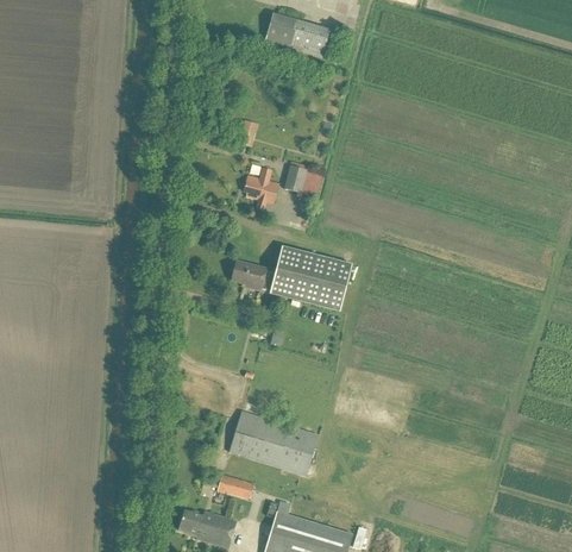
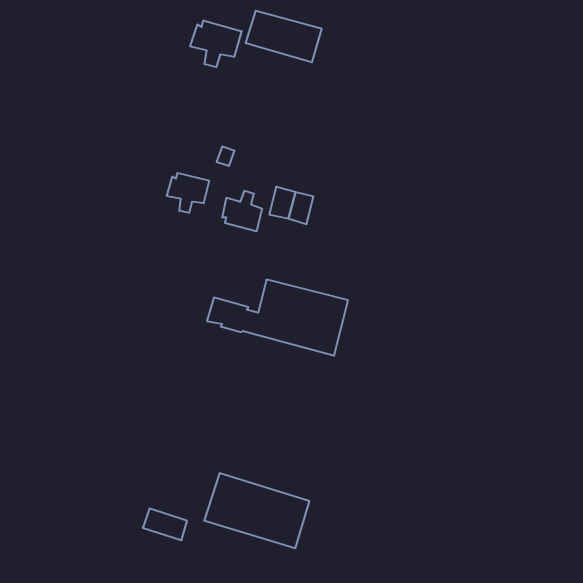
building: none -> [190,20,242,67]
building: none -> [167,173,209,213]
building: [216,472,254,500] -> [143,508,187,540]

